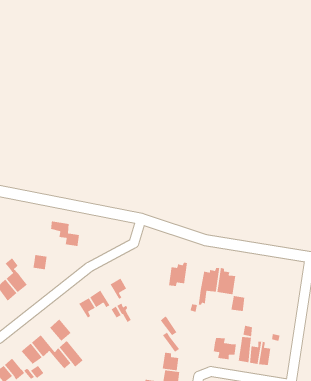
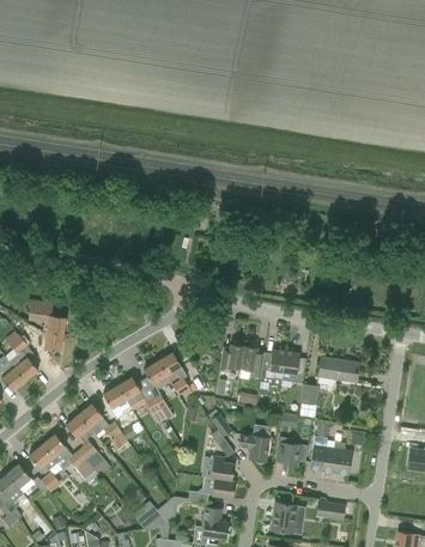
building: [50,221,80,247] -> [28,299,66,333]
building: none -> [241,341,265,377]
building: none -> [158,352,192,395]
building: none -> [318,357,359,382]
building: none -> [79,403,128,449]
building: none -> [238,434,269,463]

